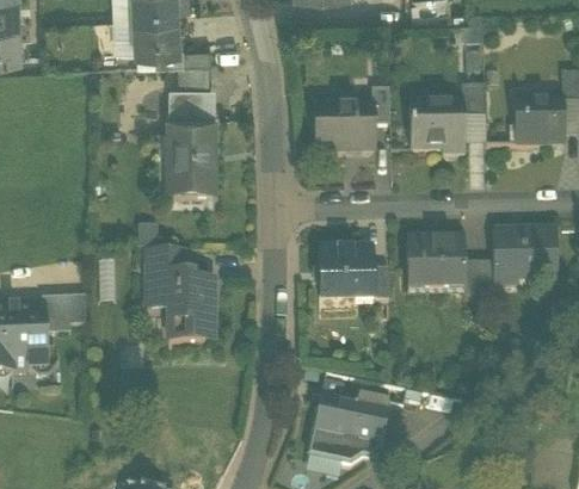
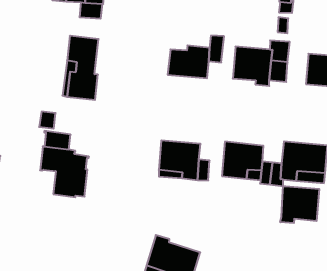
building: [168,78,214,107] -> none
building: none -> [280,186,319,223]

